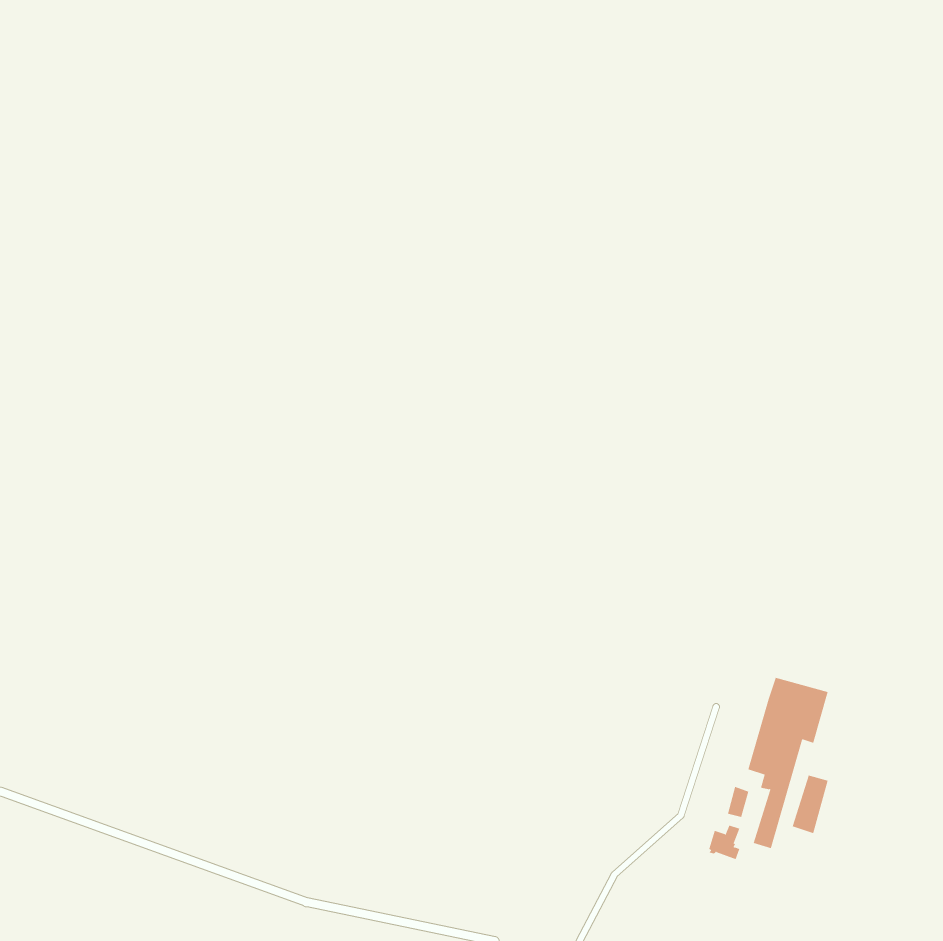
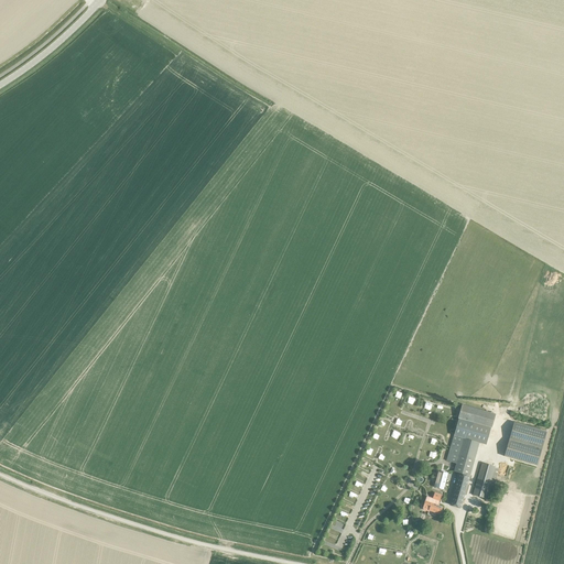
building: none -> [505,421,546,465]

